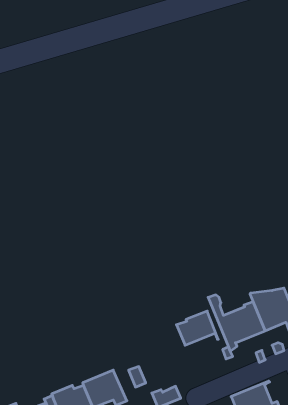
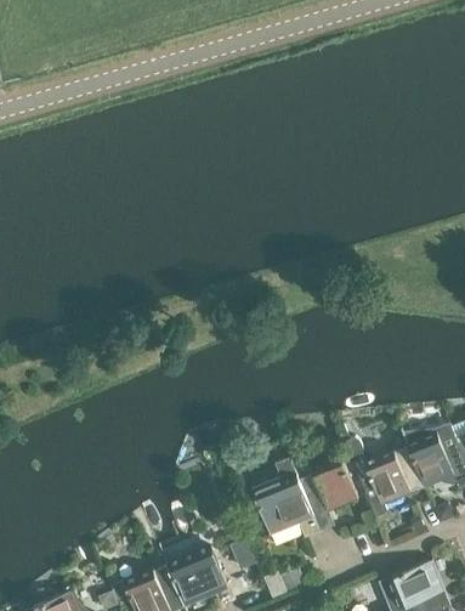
building: none -> [253,458,321,536]

